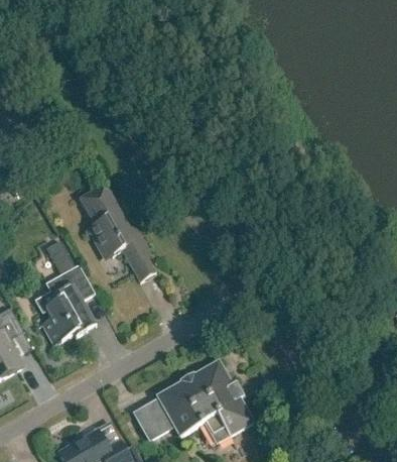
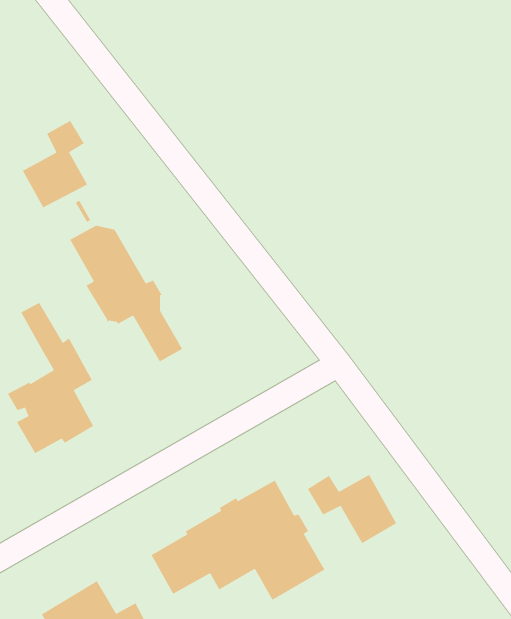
building: none -> [22,120,88,209]
building: none -> [307,474,397,544]

